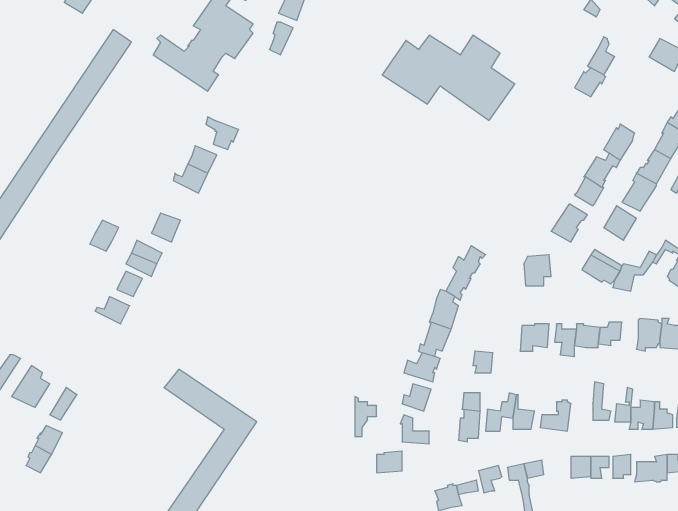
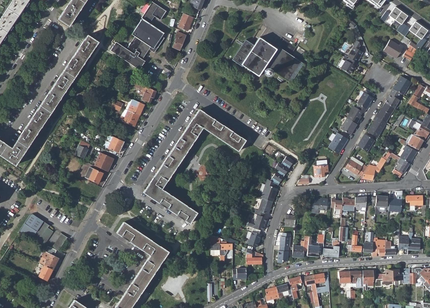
building: none -> [144,110,245,223]

